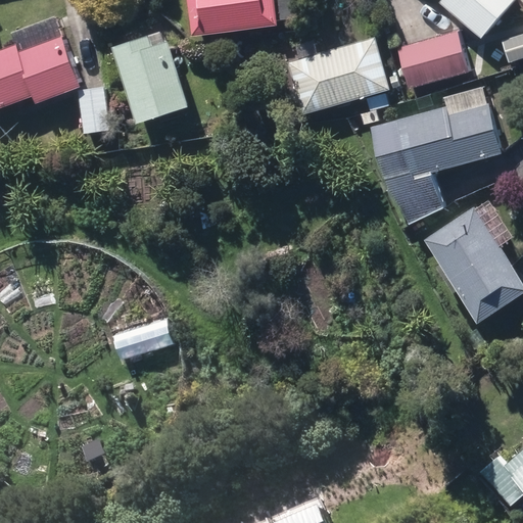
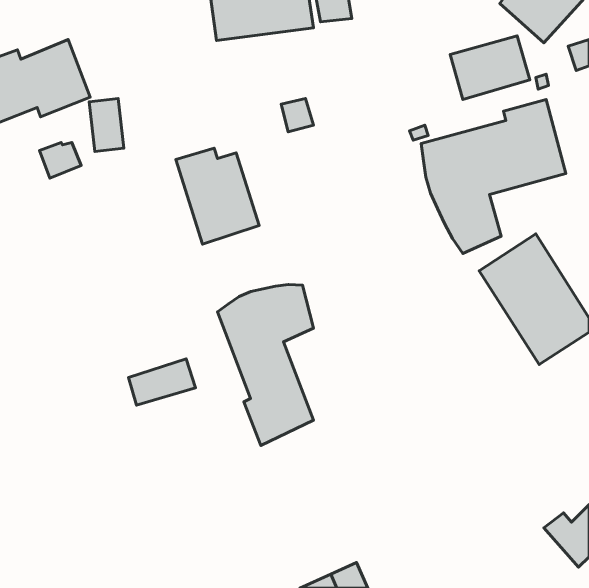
building: [113,38,187,123] -> [176,148,259,244]
building: [289,38,389,114] -> none
building: none -> [217,285,314,446]

